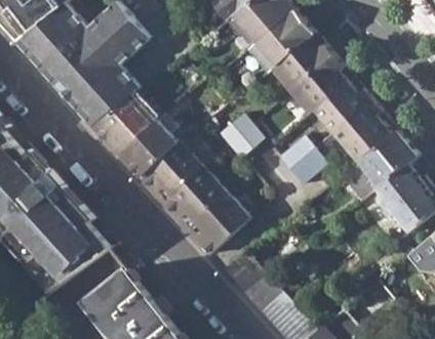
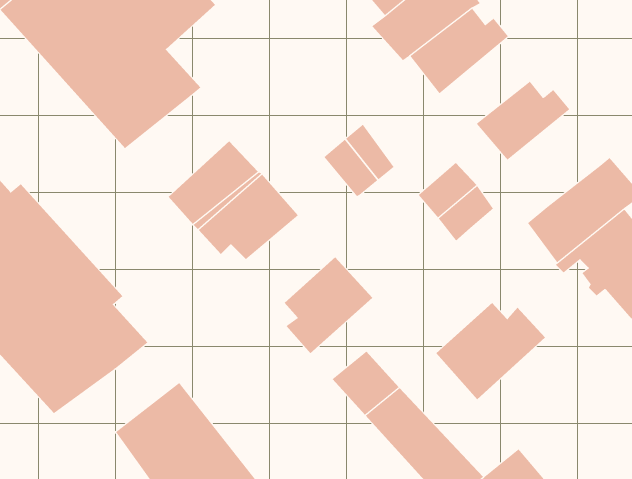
building: [288,56,345,115] -> none
building: [93,93,158,156] -> none
building: [330,101,388,162] -> none
building: [161,167,224,221] -> none
building: none -> [436,302,546,400]

